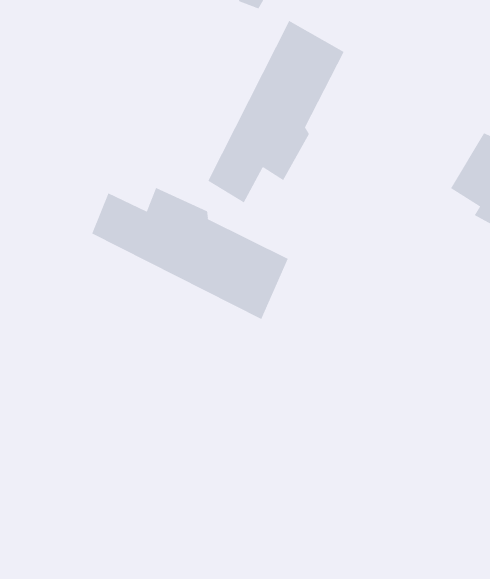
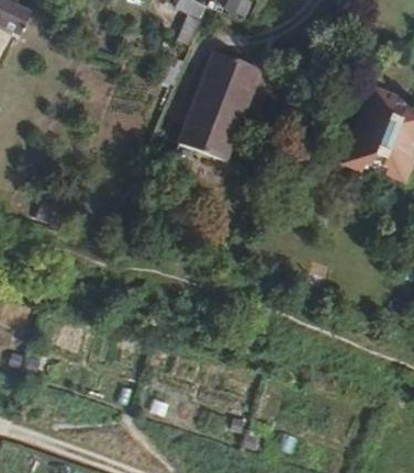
building: [92,187,288,320] -> none

